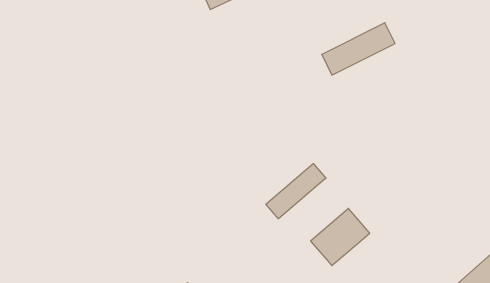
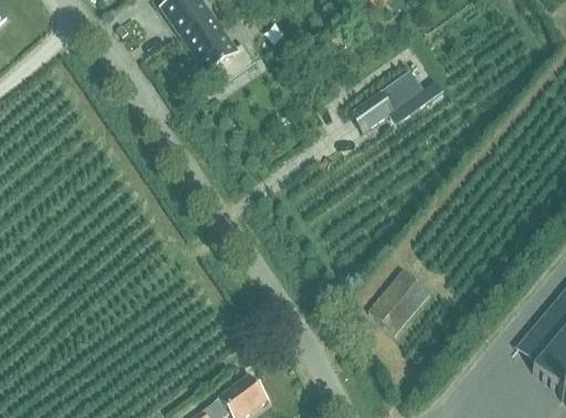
building: [266,164,326,219] -> none

